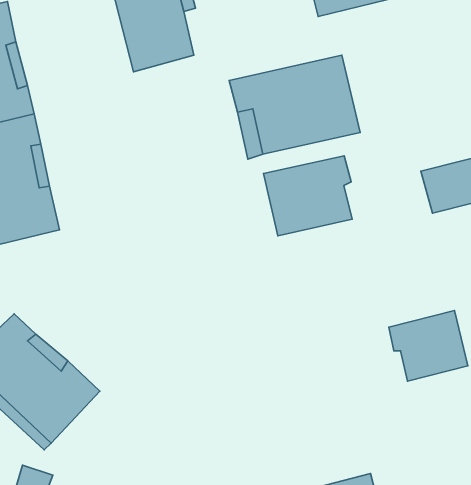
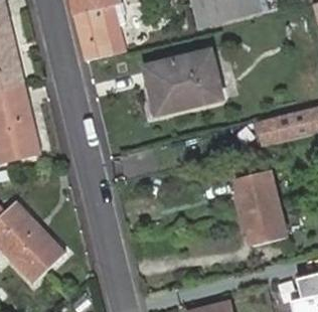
building: [263,156,352,236] -> none
building: none -> [233,168,279,212]

